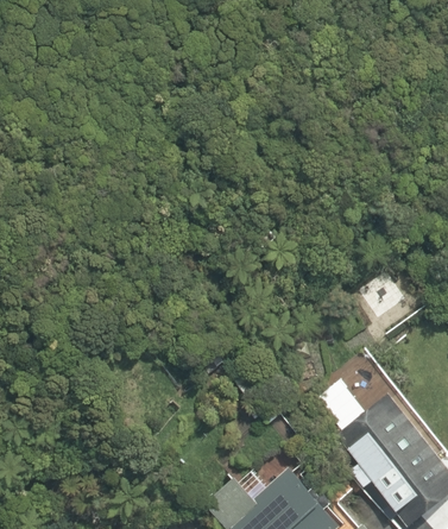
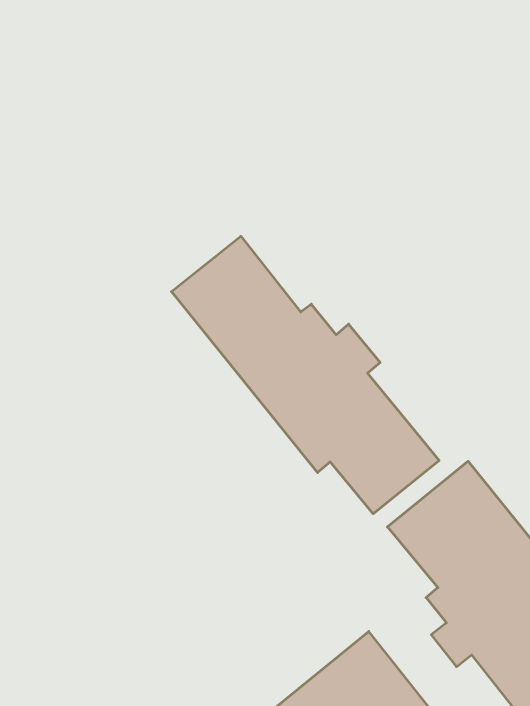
building: none -> [171,236,439,514]

